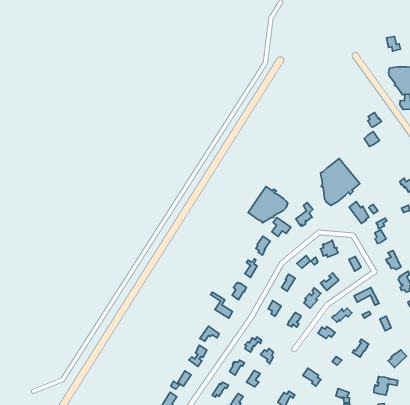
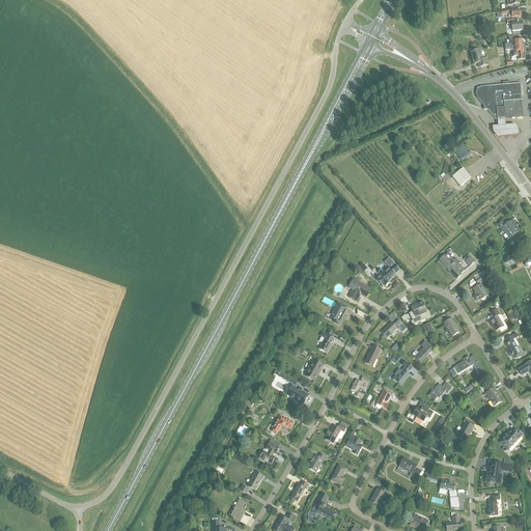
building: [320,159,360,206] -> none
building: [248,187,288,223] -> none

